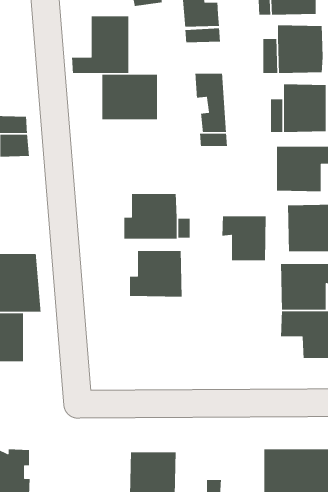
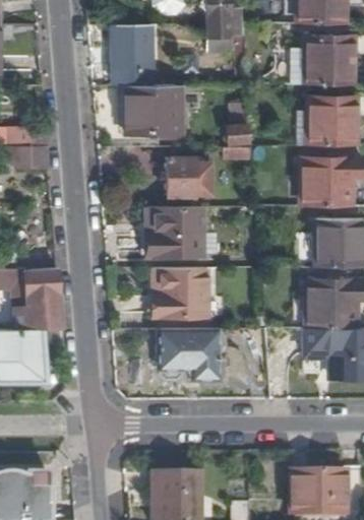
building: none -> [169,158,211,196]
building: [222,216,266,261] -> none
building: none -> [158,330,221,382]

